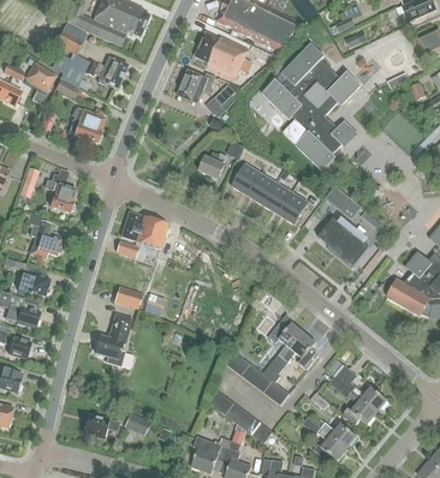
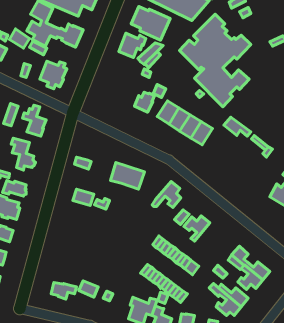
building: [121,211,168,249] -> [111,162,144,189]
building: [319,219,369,265] -> none
building: [95,315,131,366] -> none
building: [278,333,317,369] -> [152,181,181,207]

